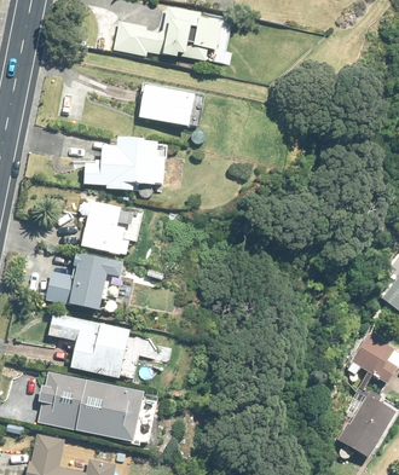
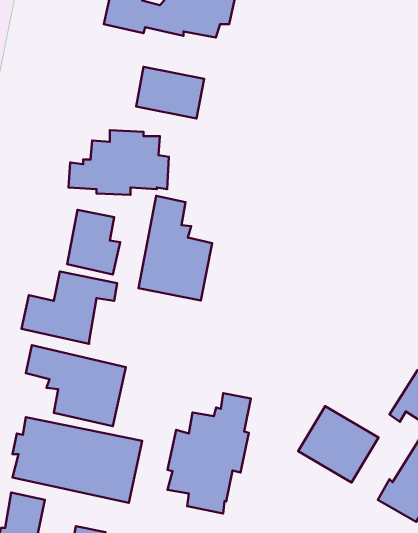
building: none -> [139,196,212,301]
building: none -> [168,393,251,514]
building: none -> [298,406,379,483]

